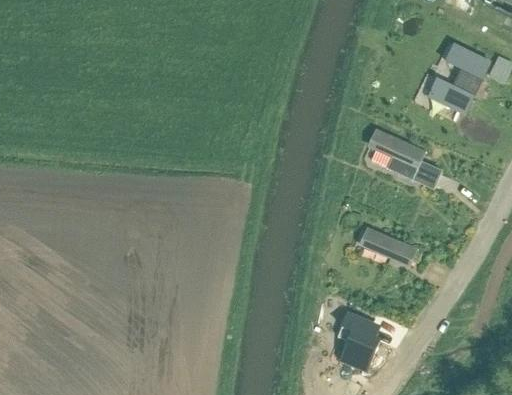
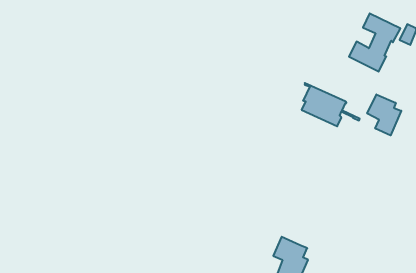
building: none -> [367,94,401,135]
building: [365,226,416,265] -> none

